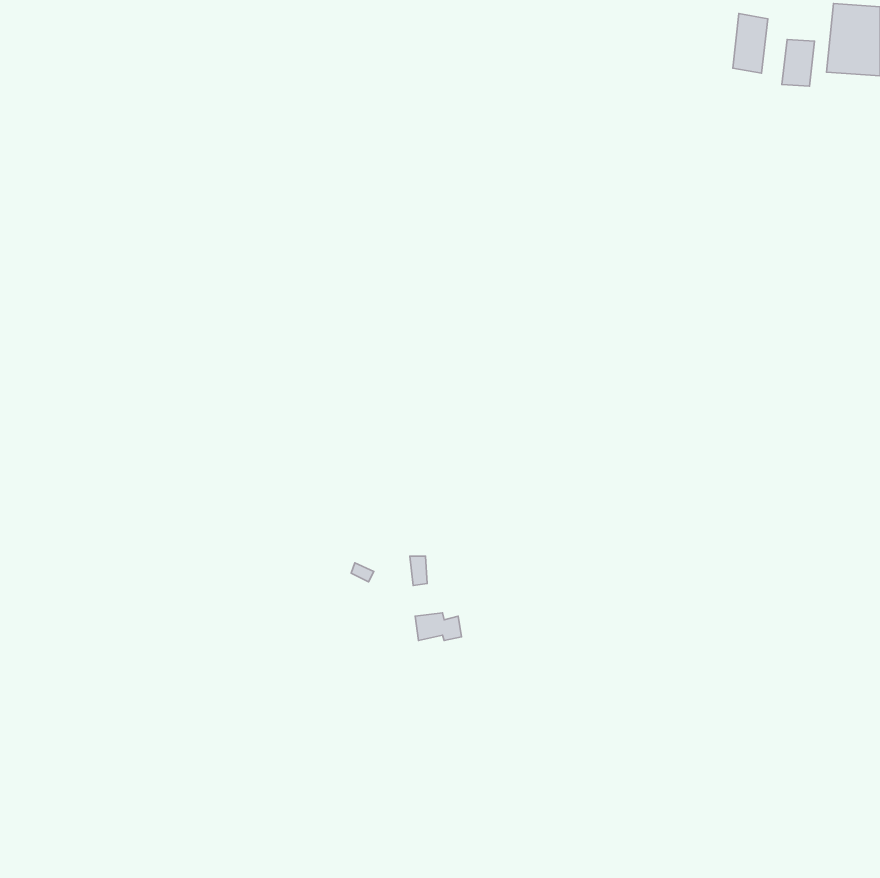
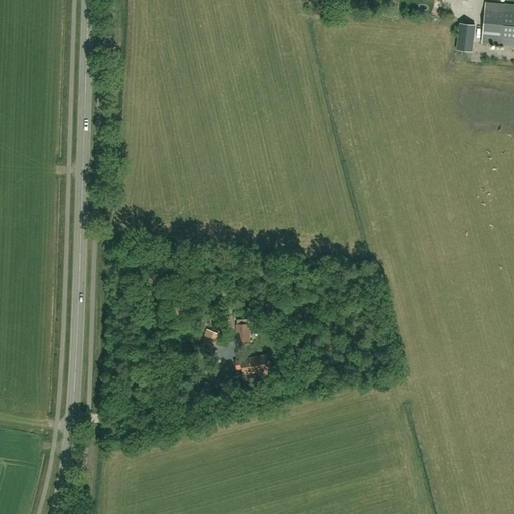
building: [733,14,768,73] -> none

